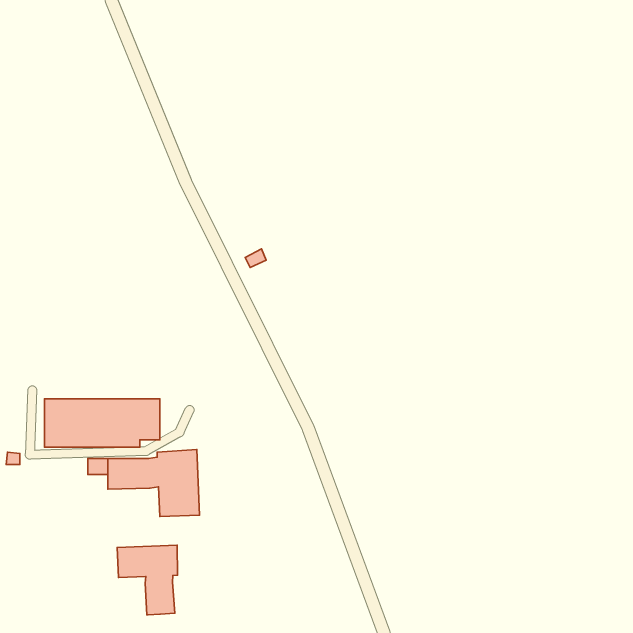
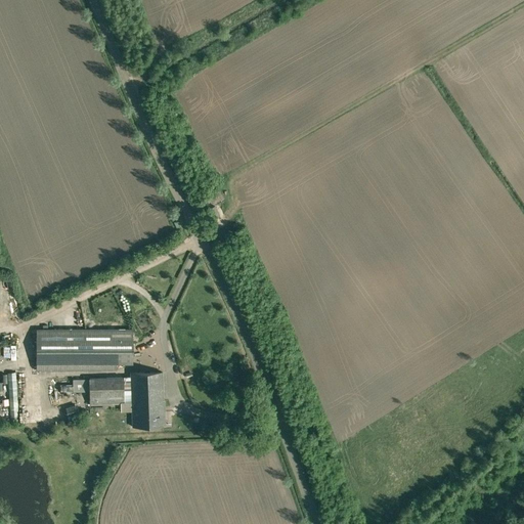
building: [117,545,177,615] -> none

